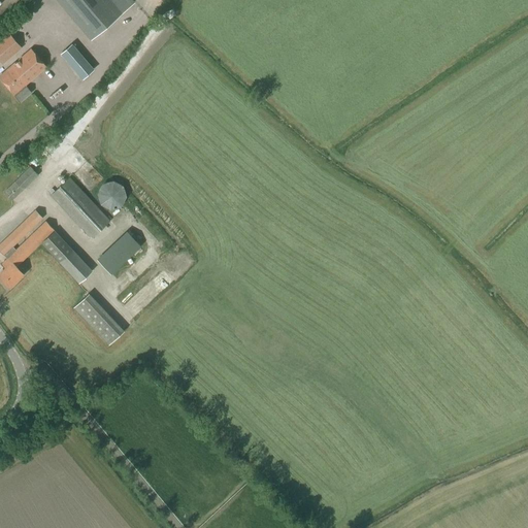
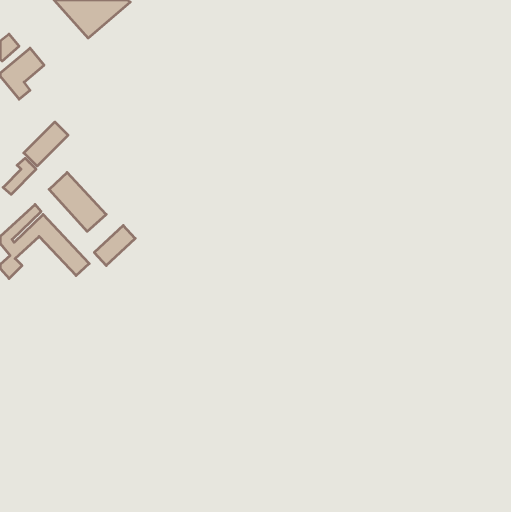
building: [62,44,94,79] -> none
building: none -> [24,122,68,166]
building: [98,180,127,209] -> none
building: [73,295,123,345] -> none

